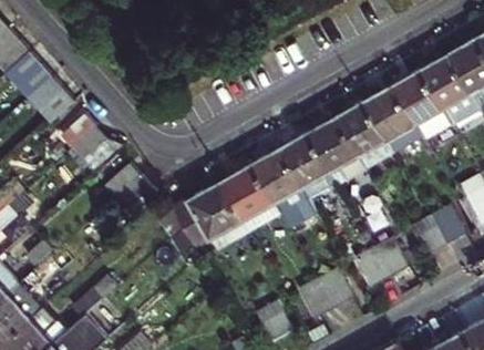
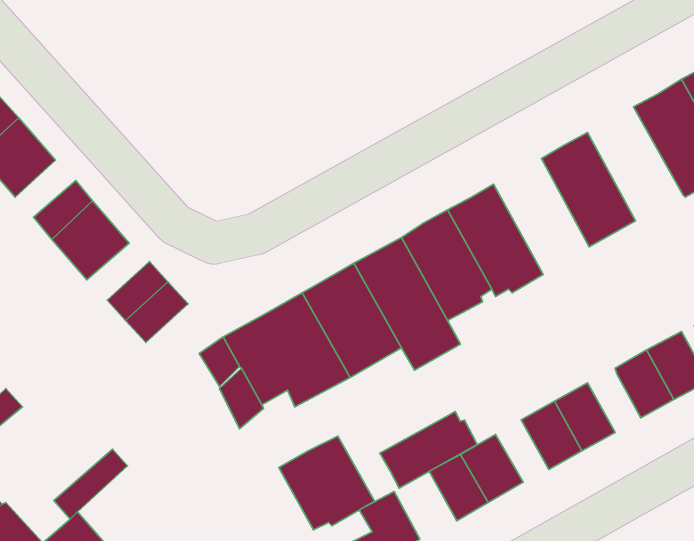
building: [393,69,451,140] -> none
building: [337,100,394,169] -> none
building: none -> [380,411,477,488]
building: none -> [279,436,374,530]

